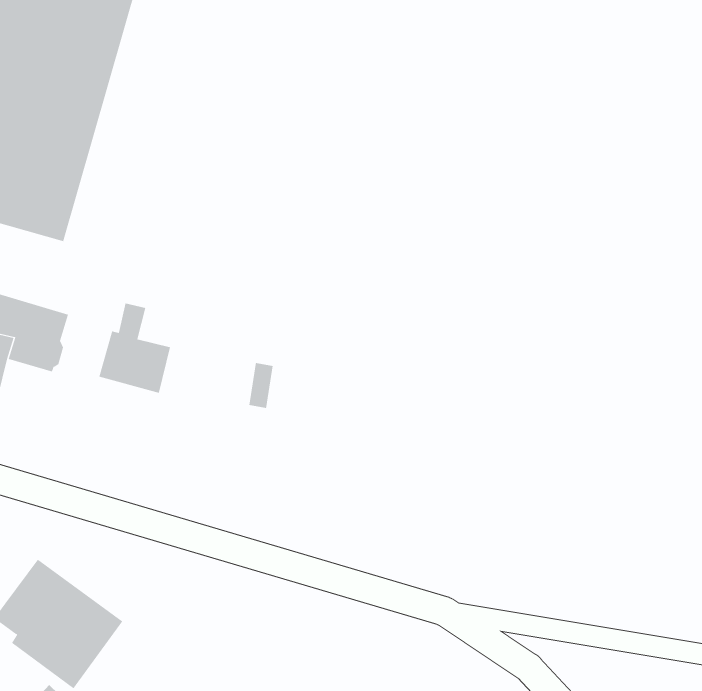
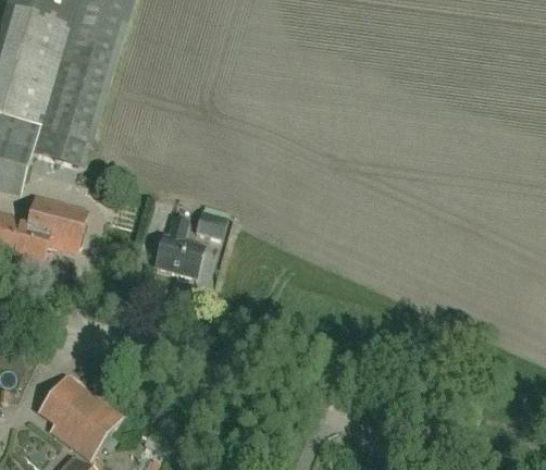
building: [98,303,171,393] -> [154,217,202,276]
building: none -> [195,209,227,237]

